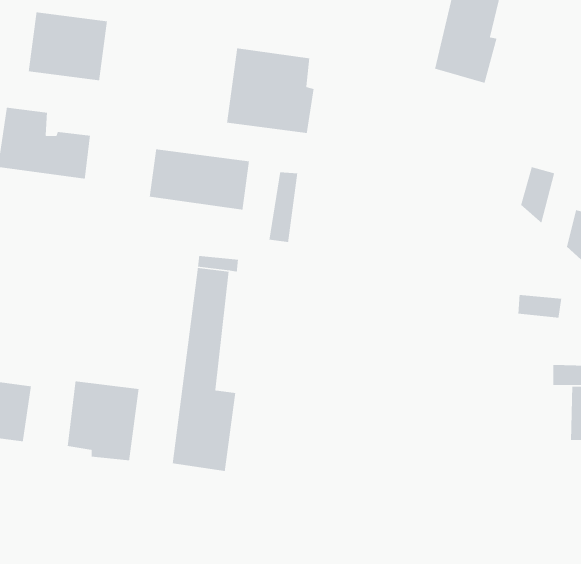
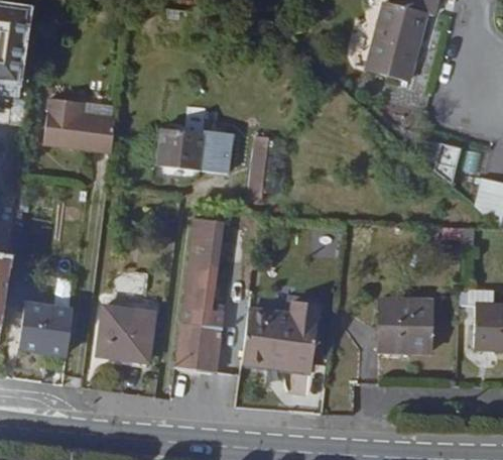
building: [28,12,108,81] -> none
building: [226,48,315,134] -> none
building: none -> [242,293,321,366]
building: none -> [381,304,435,355]

